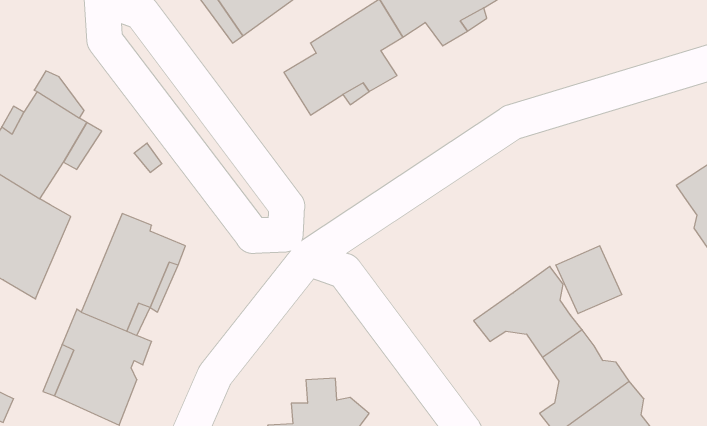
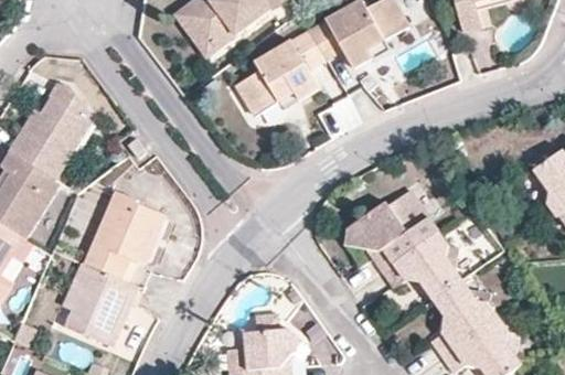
building: none -> [344,189,437,269]

